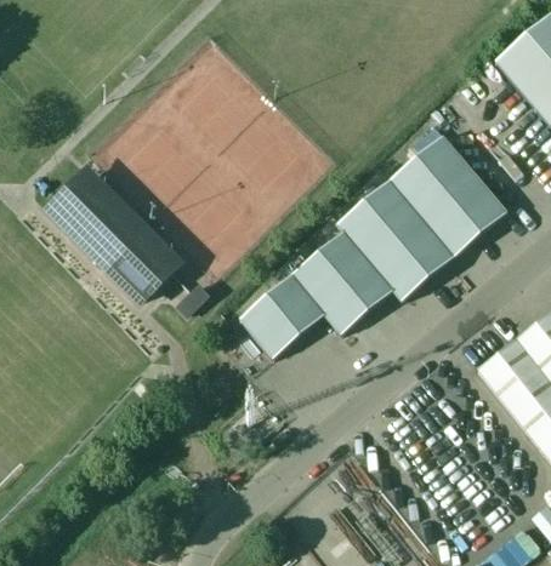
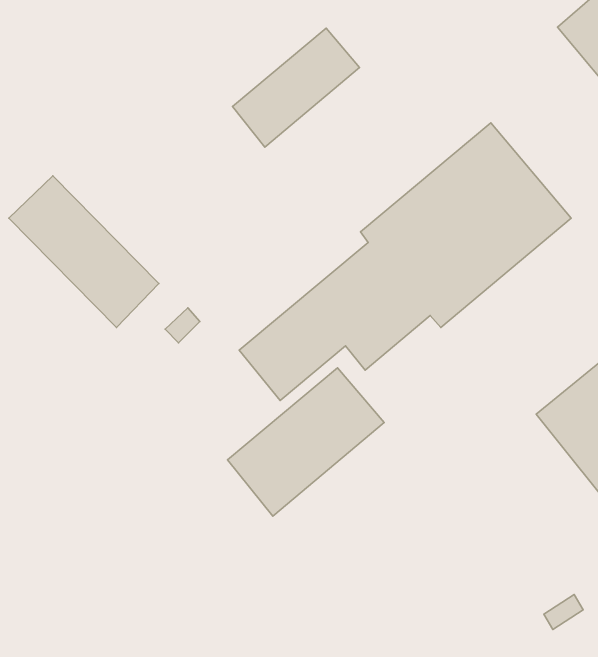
building: none -> [233,28,360,147]
building: none -> [228,368,384,516]

